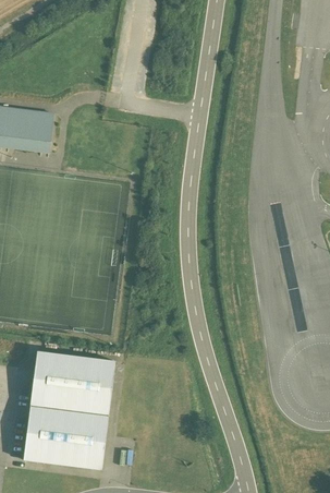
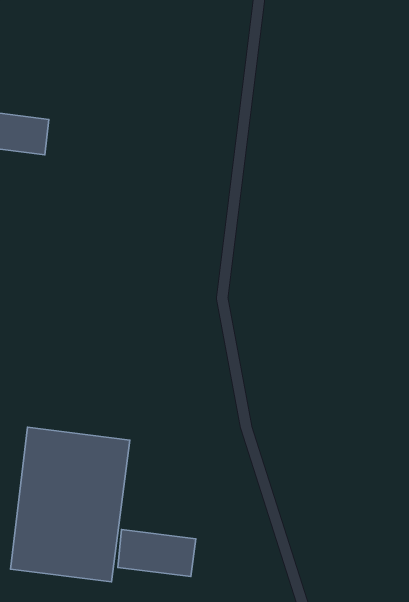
building: none -> [118,529,196,577]

